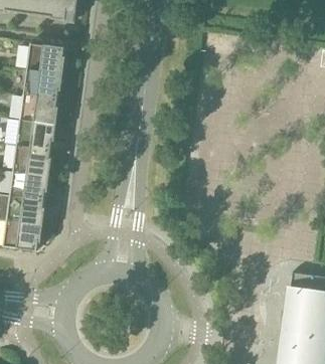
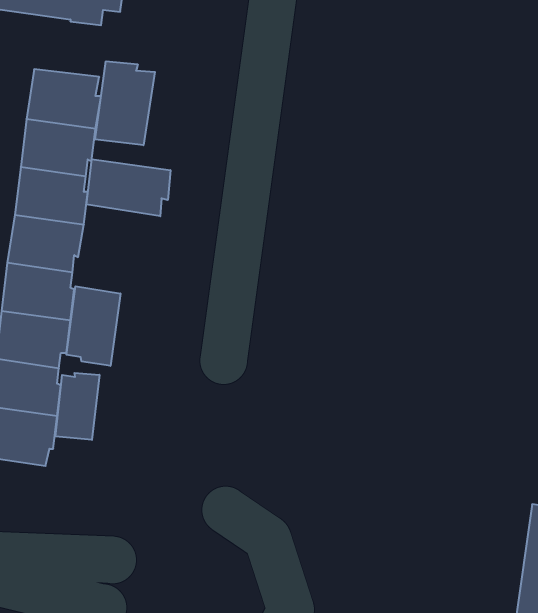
building: none -> [95,61,155,145]
building: none -> [86,159,170,216]
building: none -> [66,286,120,366]
building: none -> [55,373,99,440]

